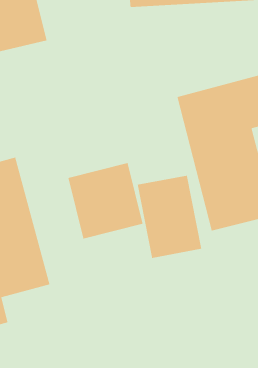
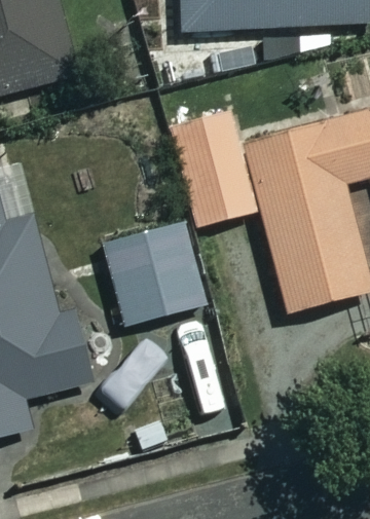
building: none -> [170,114,251,226]
building: [137,175,202,259] -> none

